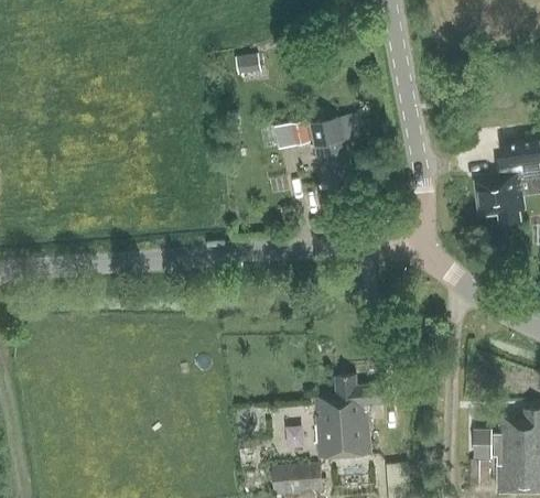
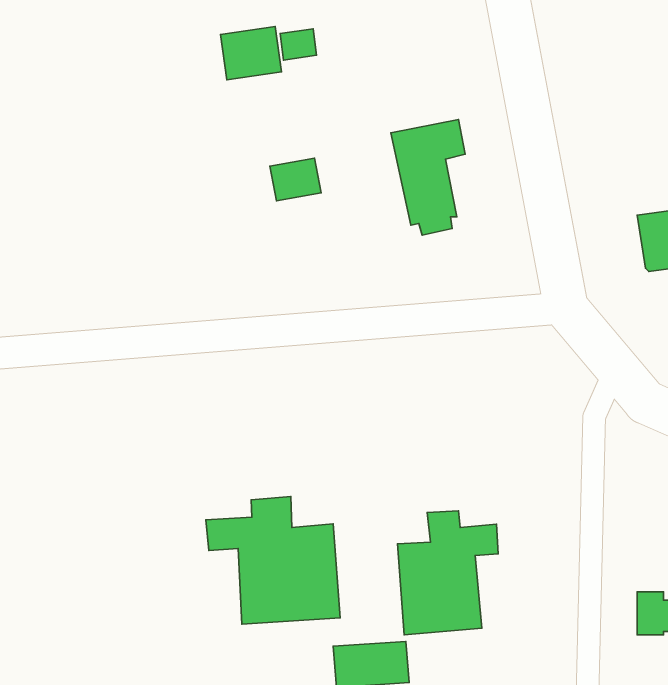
building: none -> [220,26,282,80]
building: [276,121,310,150] -> [270,158,321,201]
building: none -> [206,496,340,624]

